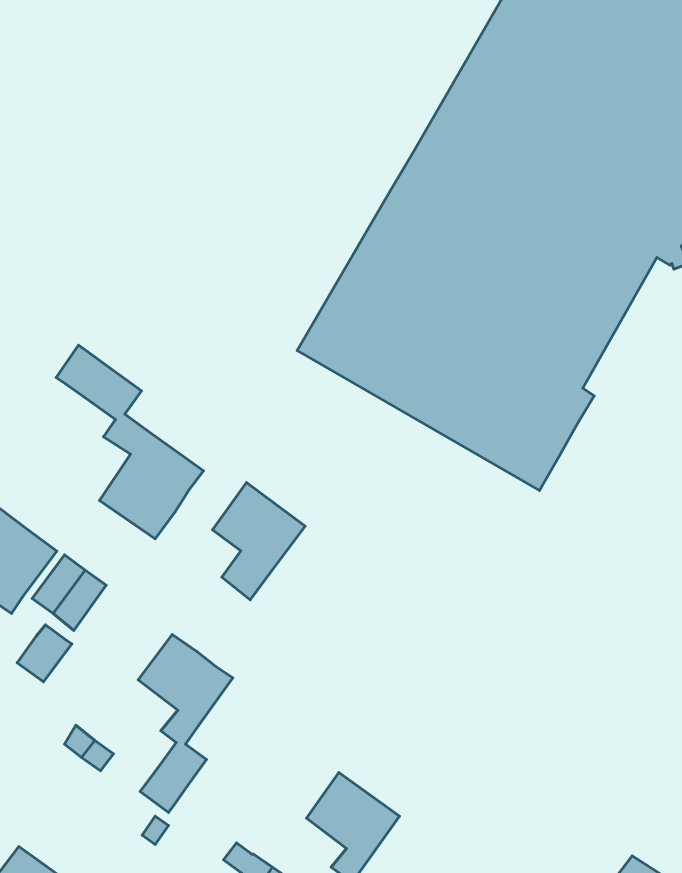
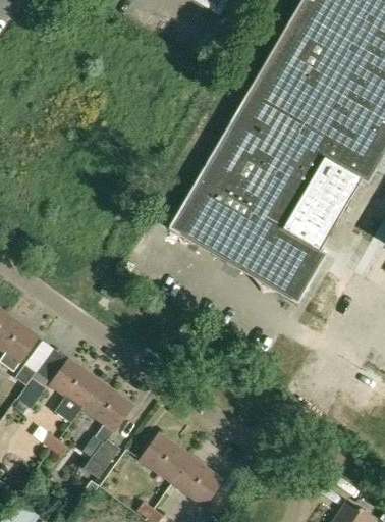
building: [56,345,204,539] -> none
building: [212,483,305,600] -> [50,358,100,421]
building: none -> [141,432,189,480]

